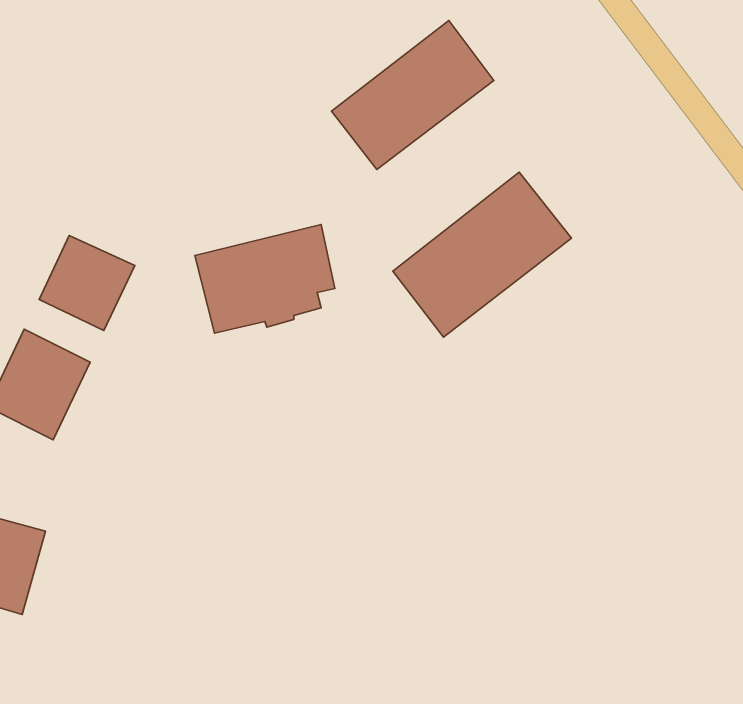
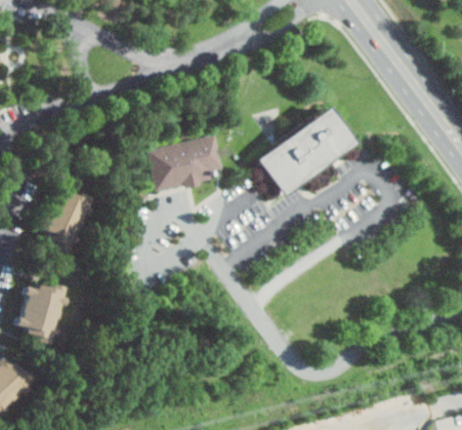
building: [331,20,494,169] -> none
building: [39,235,135,331] -> none

